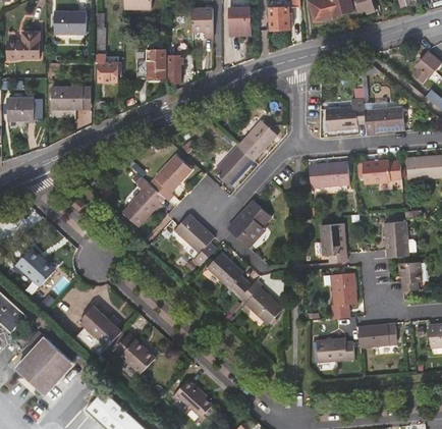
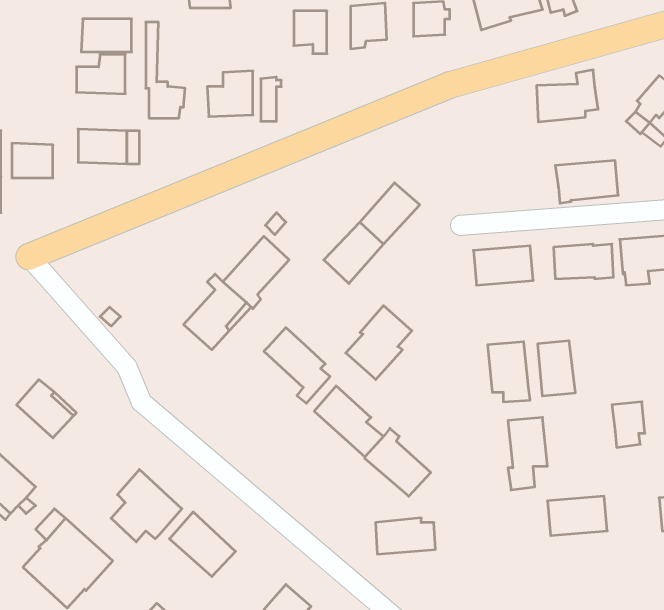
building: [9,31,41,56] -> [76,54,125,94]
building: [324,98,364,131] -> [537,70,598,122]
building: [385,221,409,257] -> [538,341,575,396]
building: [315,338,353,362] -> [376,518,435,554]

